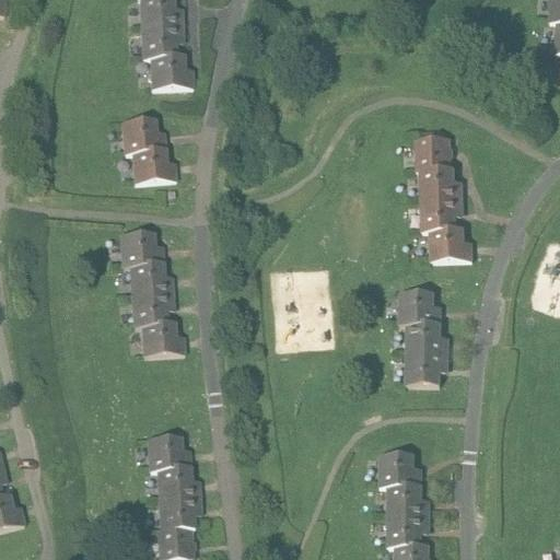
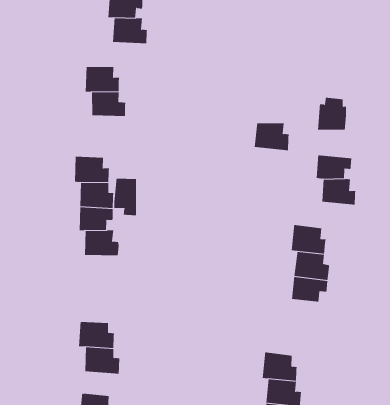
building: [419,167,463,201] -> [254,123,290,151]
building: none -> [114,178,137,216]
building: [158,499,201,527] -> none

